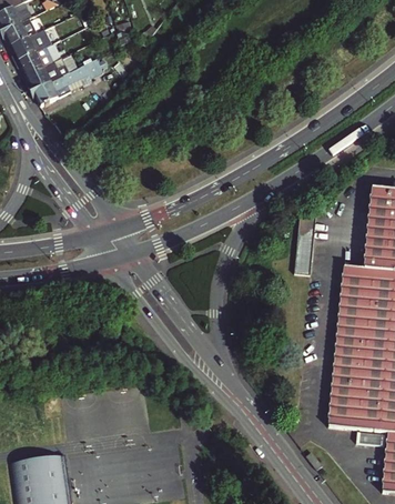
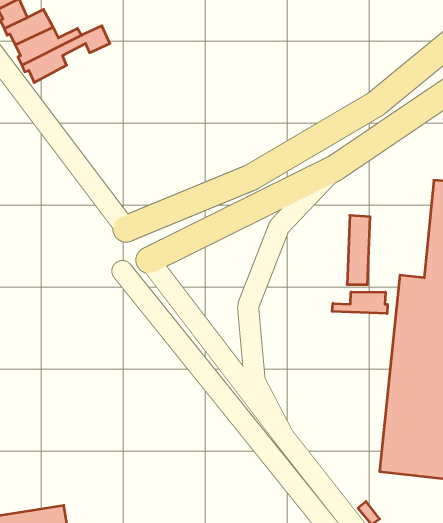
building: none -> [332,292,387,314]

